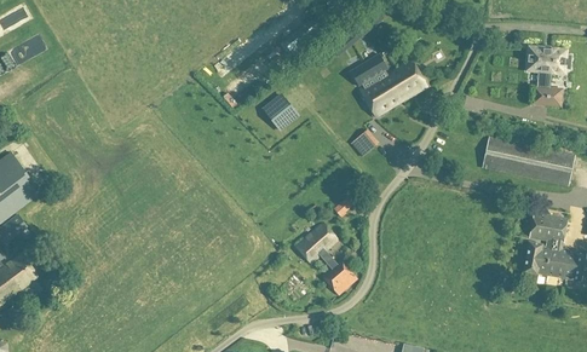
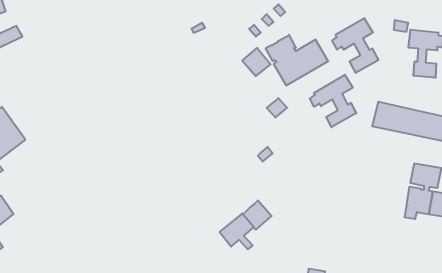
building: none -> [332,18,378,73]
building: [263,93,298,128] -> [242,48,271,76]
building: none -> [310,75,356,127]
building: [295,221,338,266] -> [220,213,254,249]

